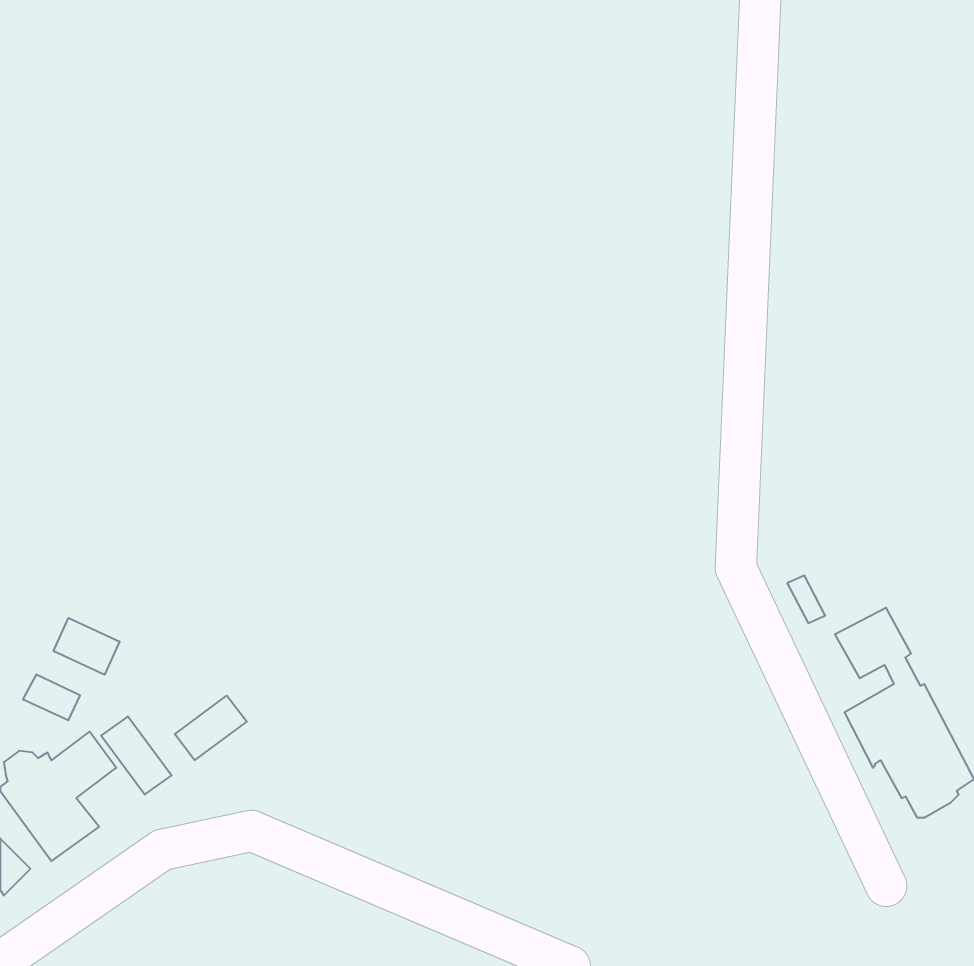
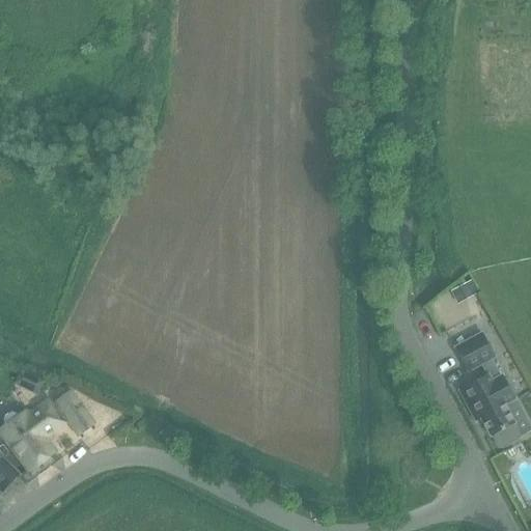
building: [54,618,120,675] -> none
building: [175,696,247,760] -> none

